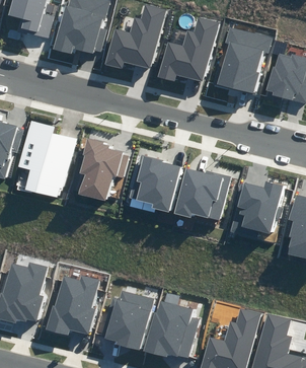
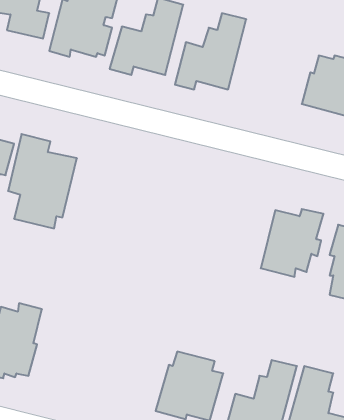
building: [213,26,272,94] -> none
building: [79,138,128,202] -> none
building: [130,155,179,212] -> none
building: [172,167,230,221] -> none
building: [45,276,98,336] -> none
building: [101,290,153,351] -> none

